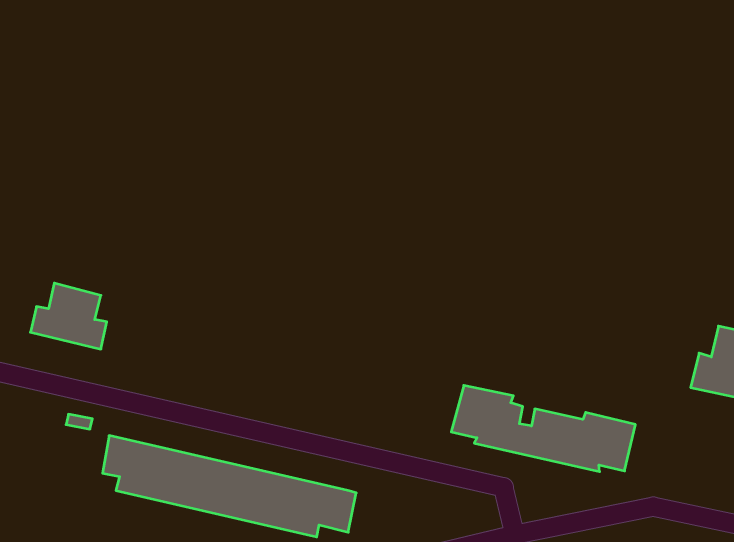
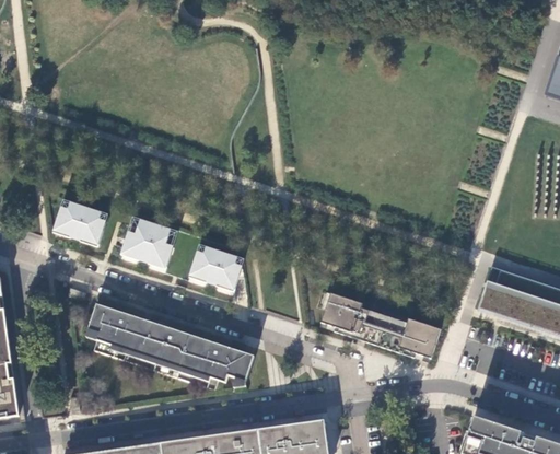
building: none -> [119,219,168,269]
building: none -> [187,246,237,291]

